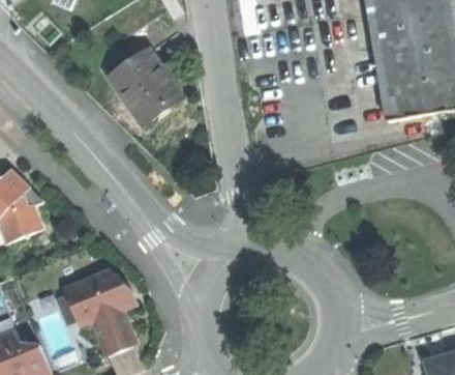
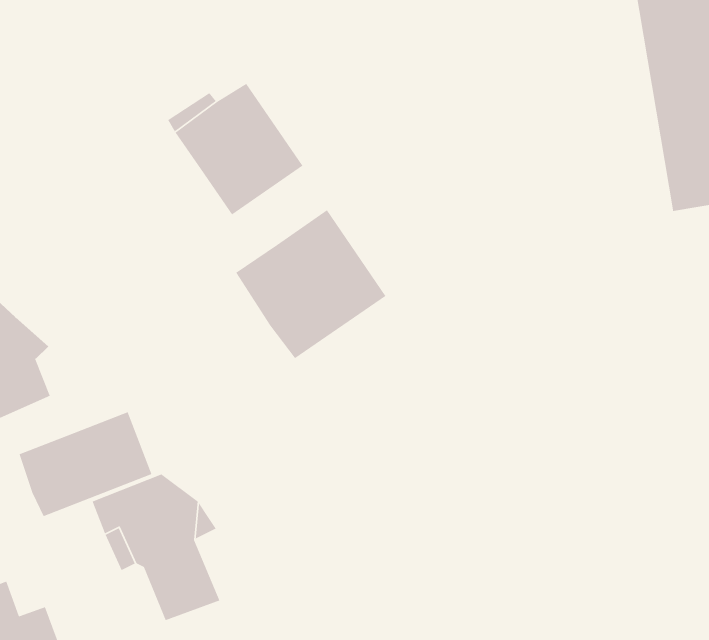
building: none -> [235,209,387,359]
building: none -> [19,411,153,517]

